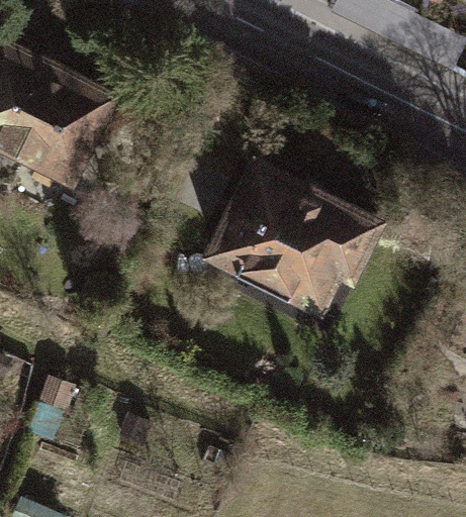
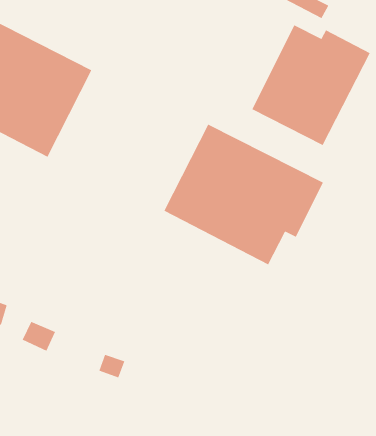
building: none -> [251,24,371,146]

